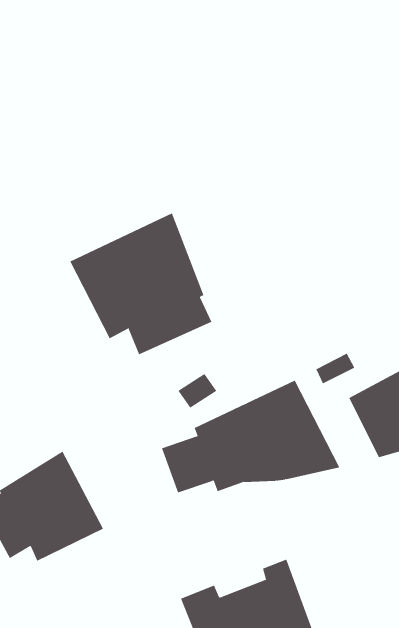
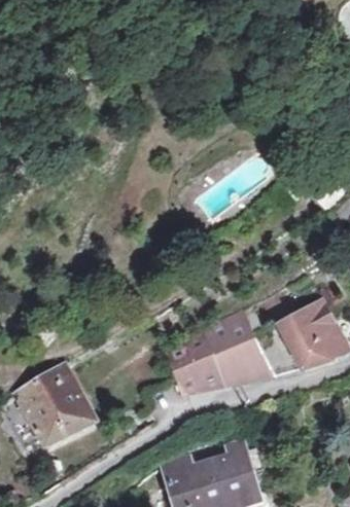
building: [70,213,212,355] -> none

